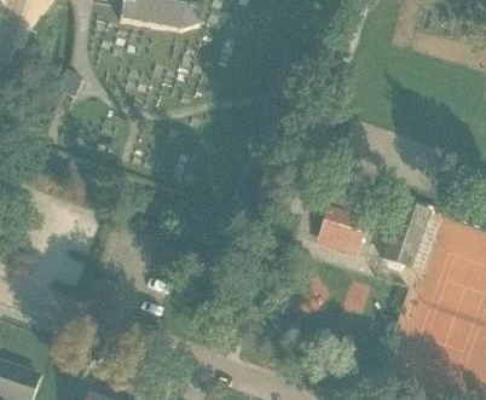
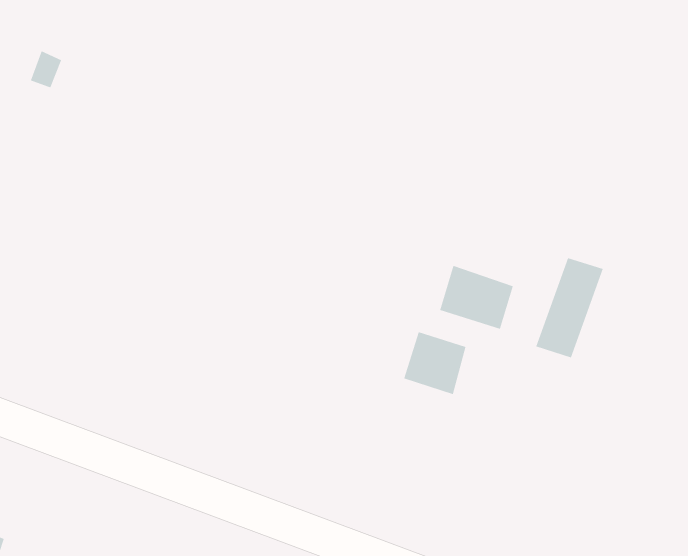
building: none -> [403,331,466,395]

